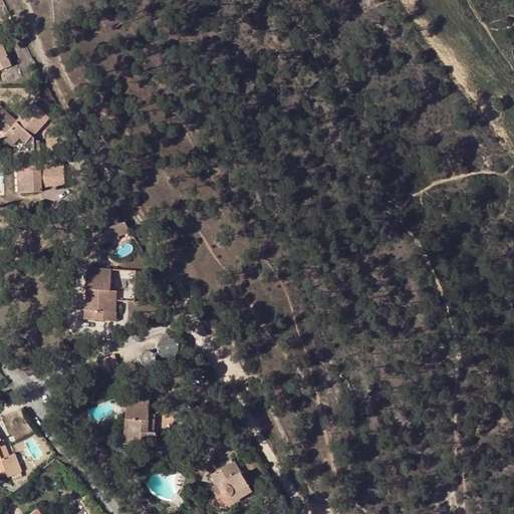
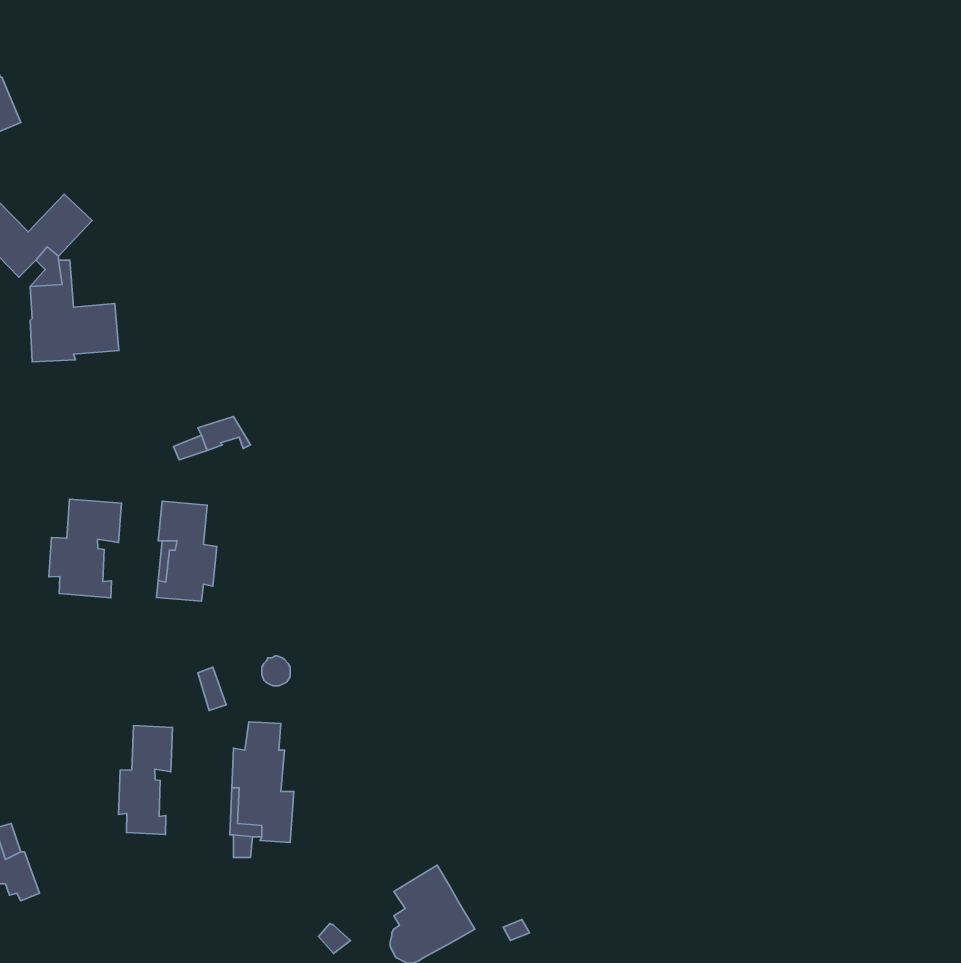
building: none -> [49,499,121,598]
building: [156,335,179,357] -> none
building: none -> [119,726,173,834]

